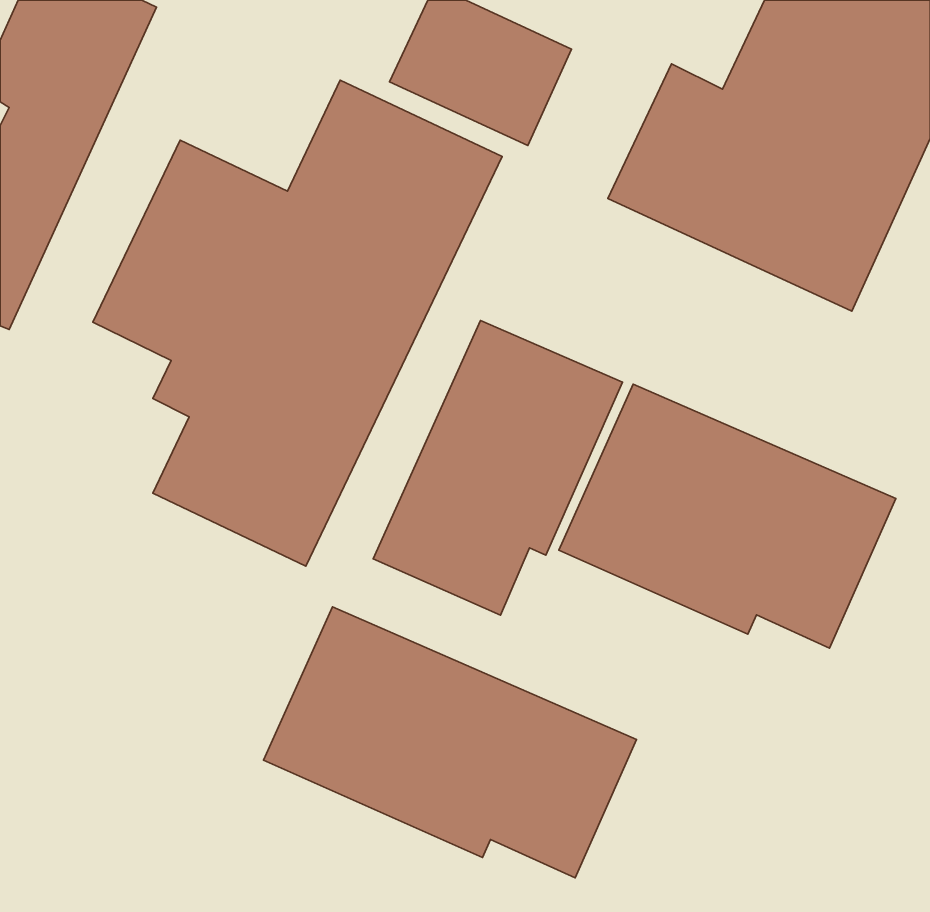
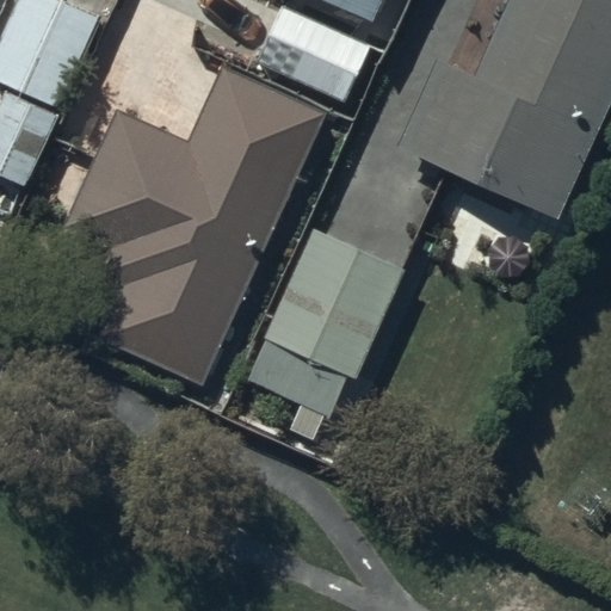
building: [559,384,896,648] -> none
building: [264,607,636,878] -> none

